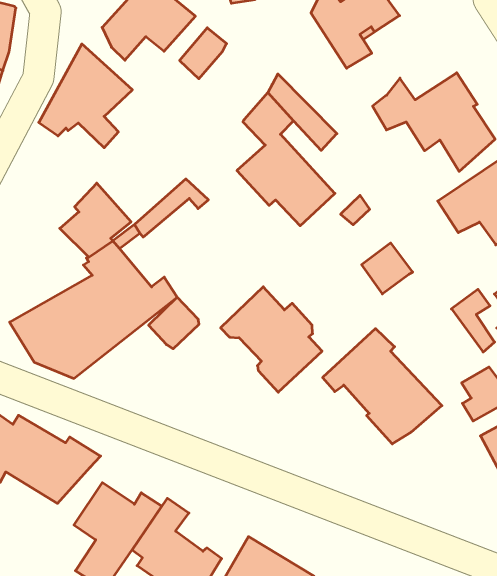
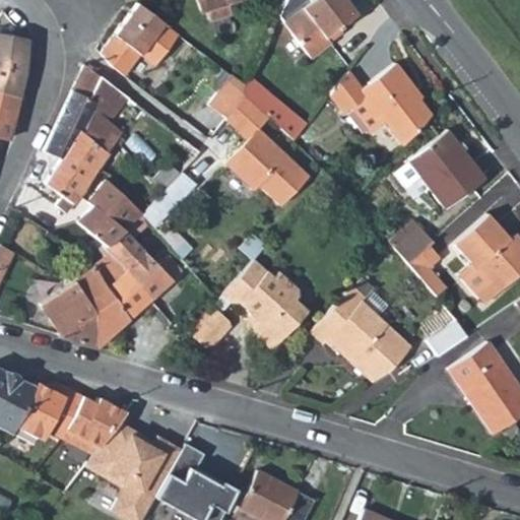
building: [180,28,227,79] -> [210,74,249,118]
building: none -> [45,131,111,212]
building: [362,243,413,294] -> [395,221,439,265]
building: [149,297,199,349] -> [188,307,231,350]
building: none -> [85,421,164,486]

